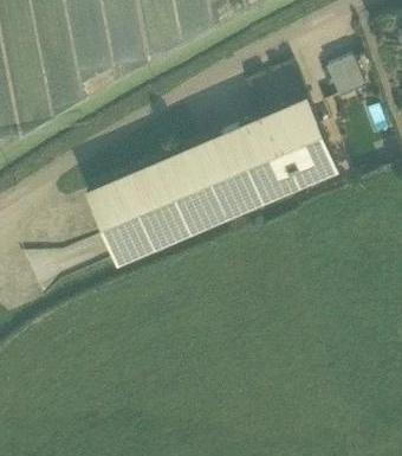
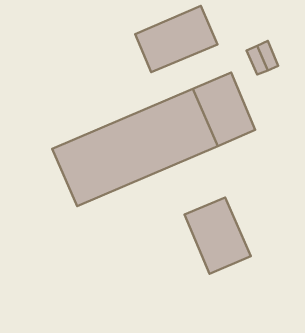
building: none -> [135,6,217,72]
building: none -> [185,198,251,274]

